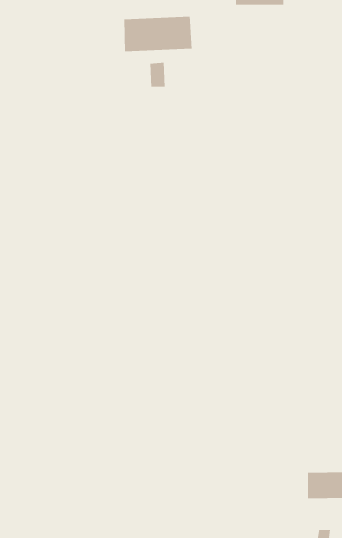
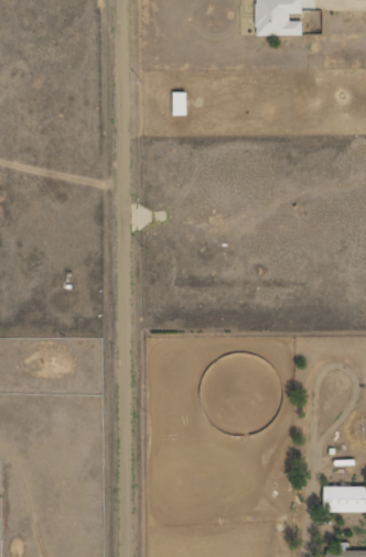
building: [124,16,192,52] -> none

